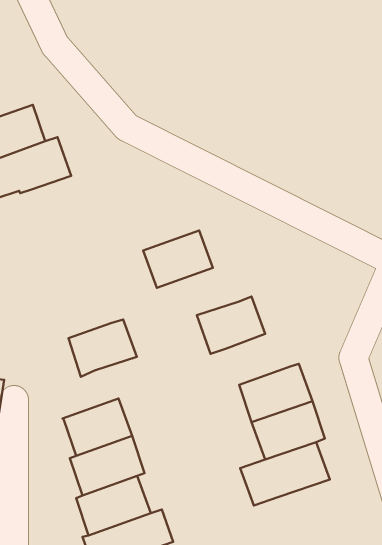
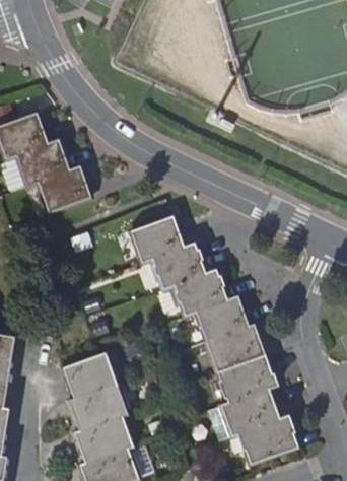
building: none -> [38,166,92,212]
building: [68,320,137,377] -> [151,243,207,289]
building: none -> [196,295,250,341]
building: none -> [239,415,299,465]

